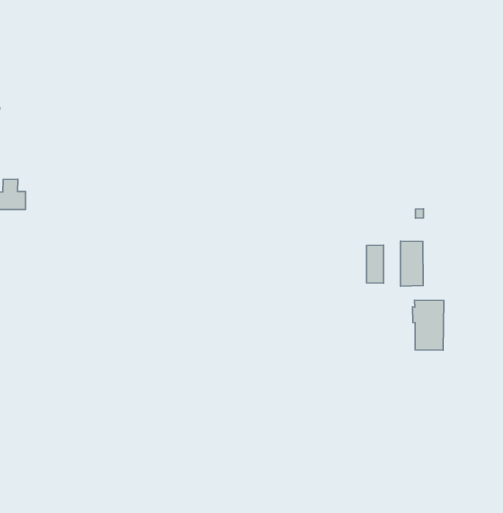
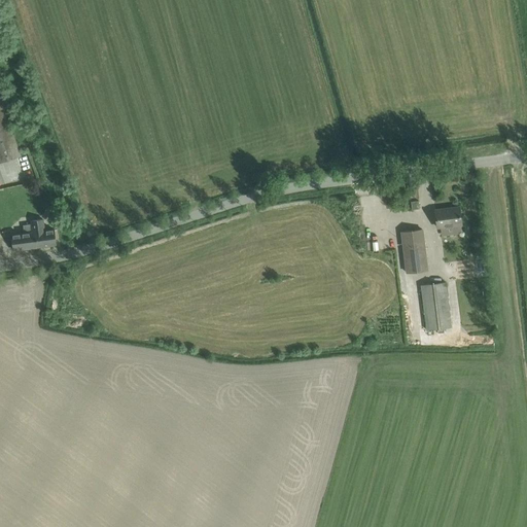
building: none -> [433,208,459,229]
building: [366,245,384,283] -> none

